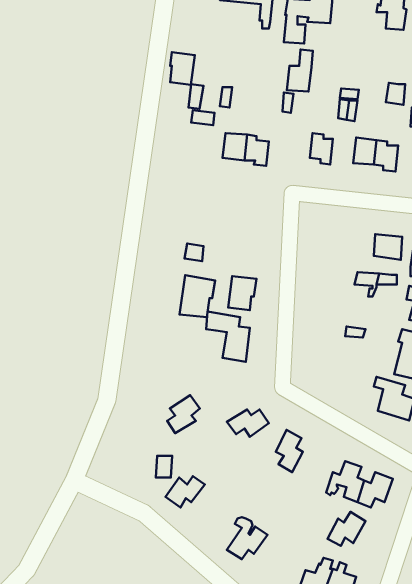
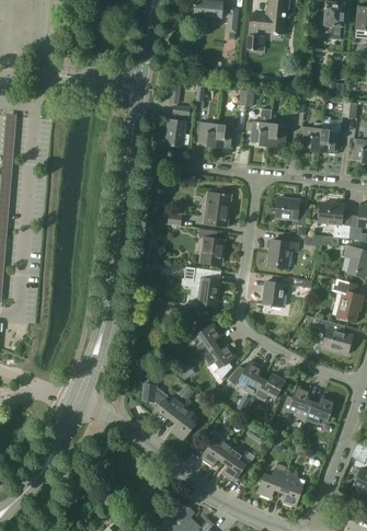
building: [287,49,313,92] -> [250,108,271,142]
building: [170,52,195,85] -> [167,119,186,146]
building: none -> [275,198,307,226]
building: [180,275,215,317] -> [203,192,231,226]
building: none -> [267,240,297,268]
building: none -> [263,280,288,307]
building: [167,395,200,433] -> [194,324,220,355]
building: none -> [172,405,195,439]
building: [327,512,365,546] -> [253,373,284,401]
building: none -> [222,446,245,480]

